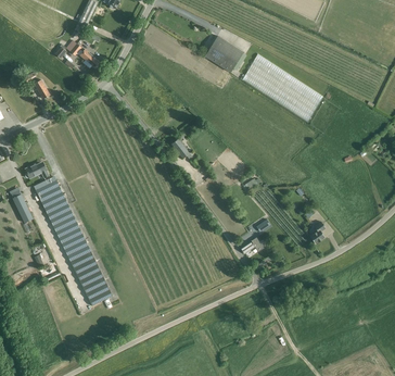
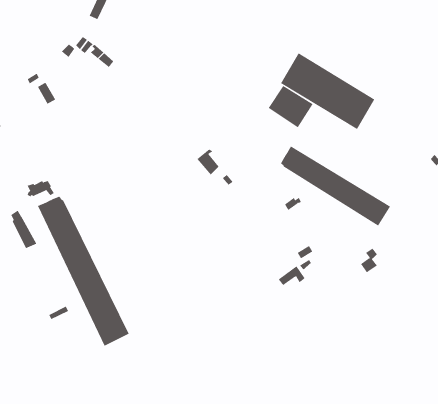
building: [204,35,243,72] -> [268,85,313,128]
building: none -> [280,145,391,226]

